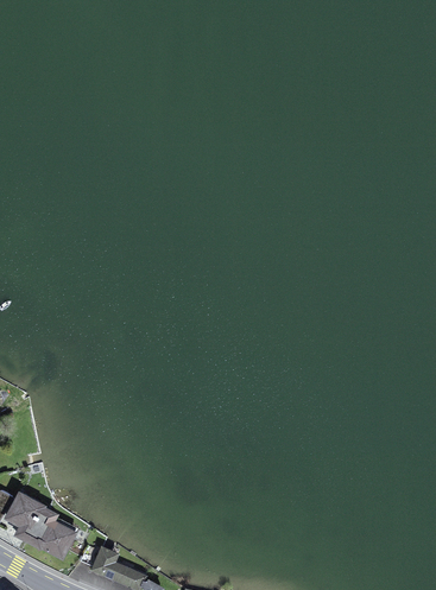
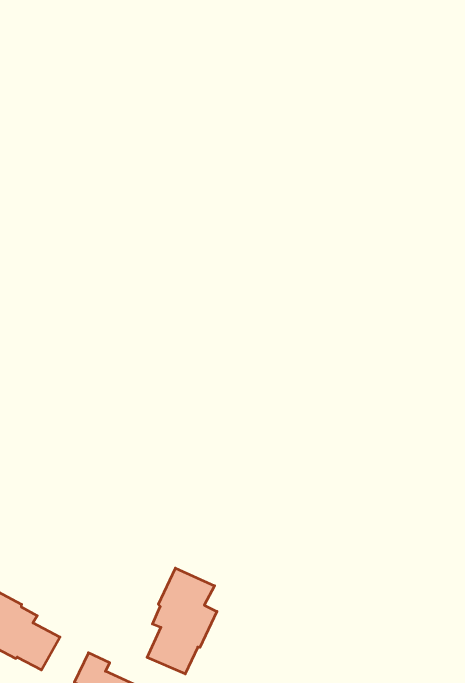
building: none -> [147,568,217,674]

